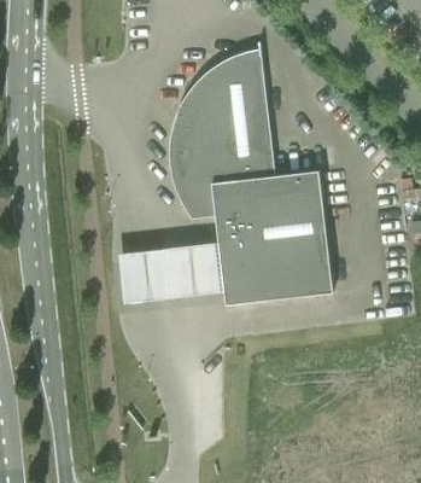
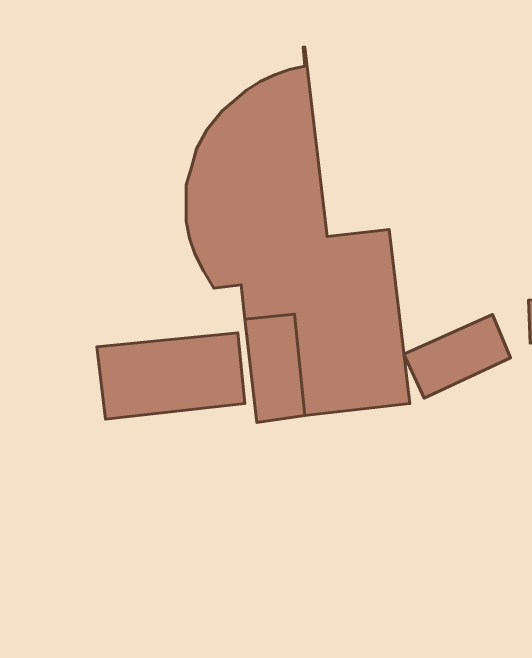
building: none -> [404,314,511,398]

